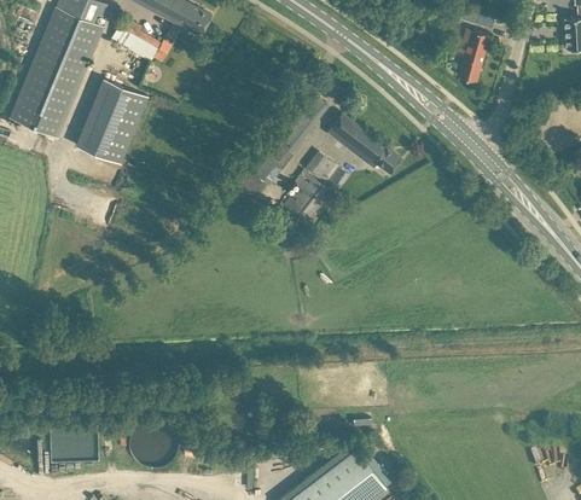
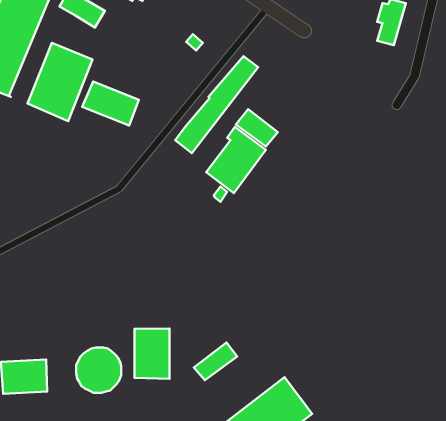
building: [327,114,401,173] -> none
building: none -> [82,82,139,125]
building: none -> [134,328,170,379]
building: none -> [194,342,237,380]

